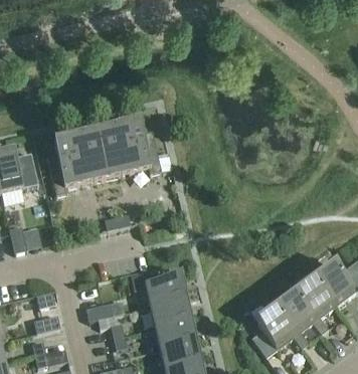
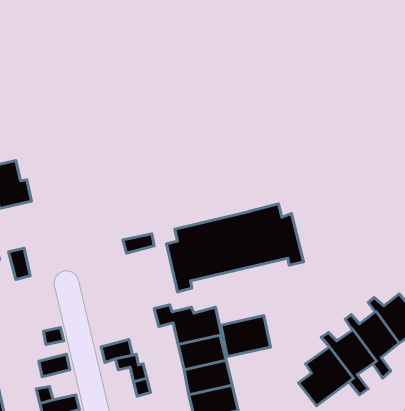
building: [47,123,162,196] -> [167,204,304,292]
building: none -> [219,316,271,356]

